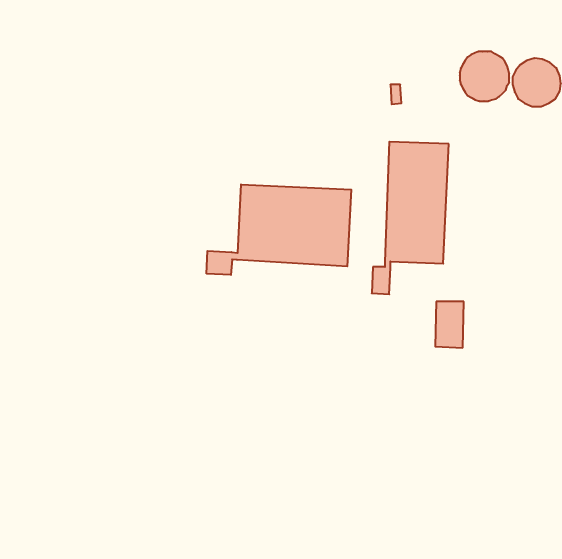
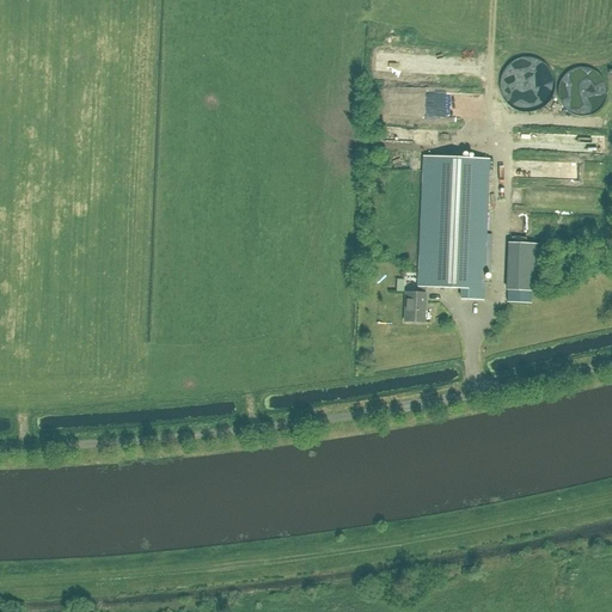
building: [207,184,351,275] -> none
building: [435,302,464,348] -> [504,243,536,293]

